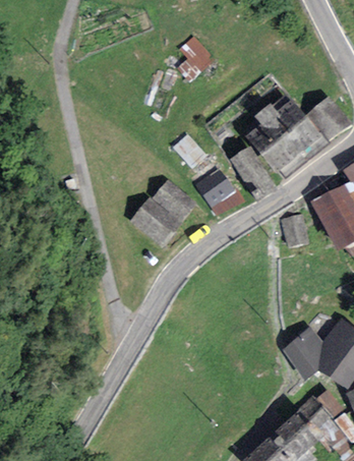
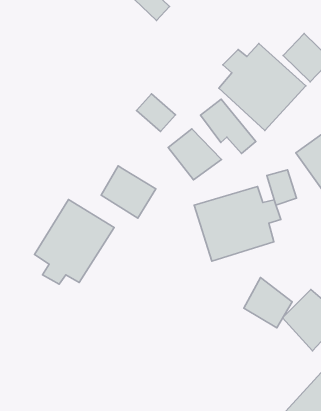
building: [154,178,196,219] -> none
building: none -> [35,199,114,284]
building: none -> [194,186,281,261]
building: none -> [244,278,292,328]

